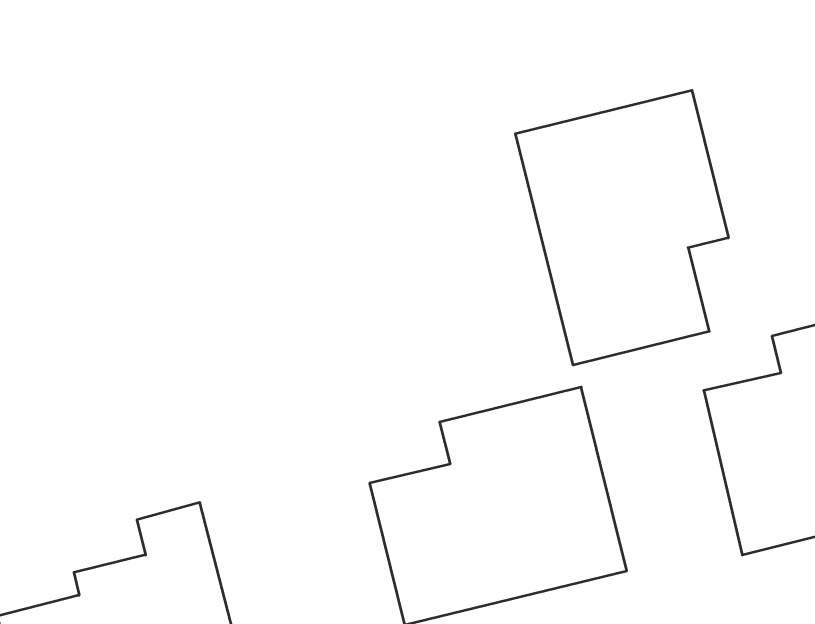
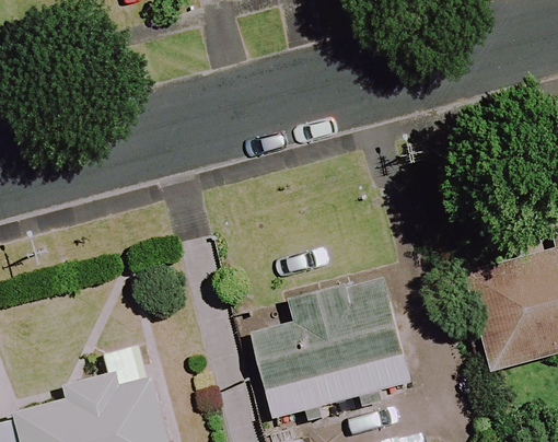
building: [515,90,728,365] -> none

